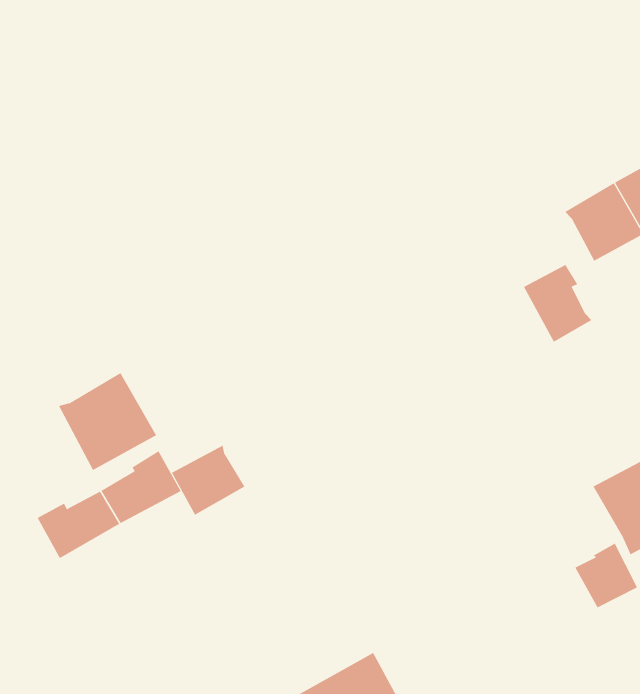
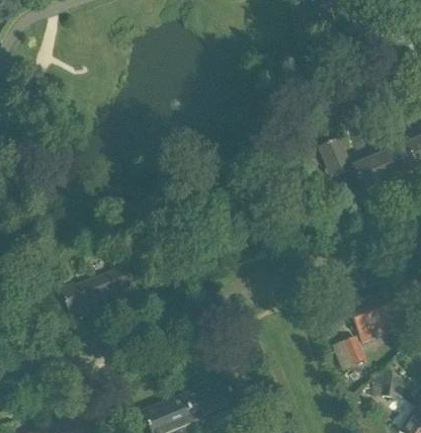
building: [523,264,592,342] -> [319,137,352,176]
building: [58,372,157,471] -> none
building: [171,445,245,515] -> none

